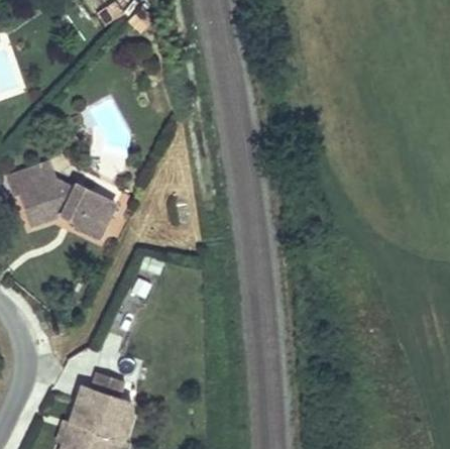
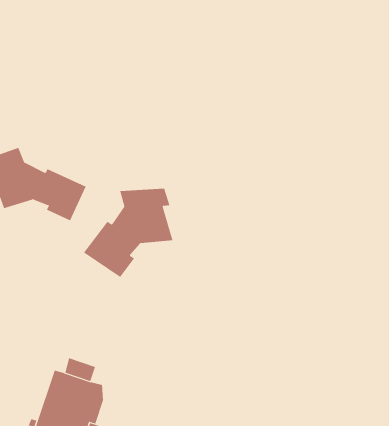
building: none -> [83,188,173,278]

